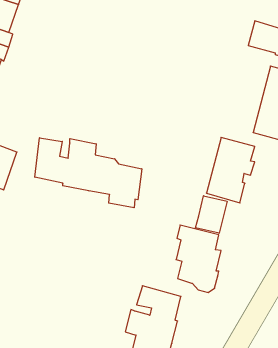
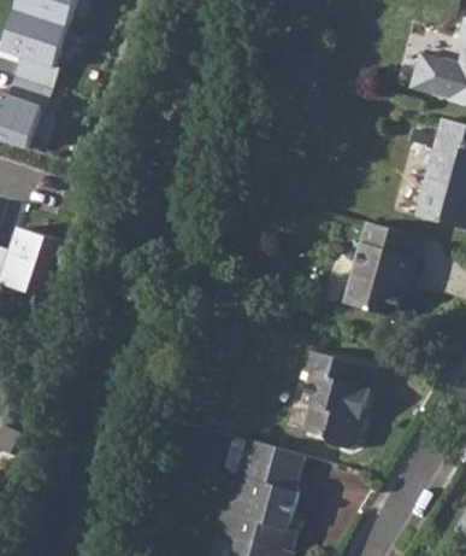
building: [35,138,142,208] -> none
building: [195,196,227,233] -> none

